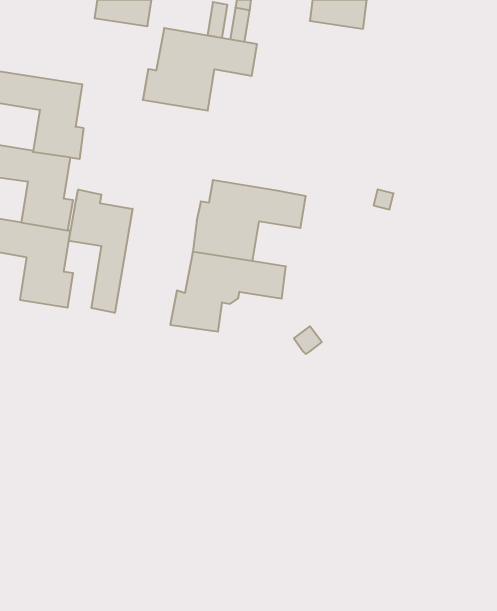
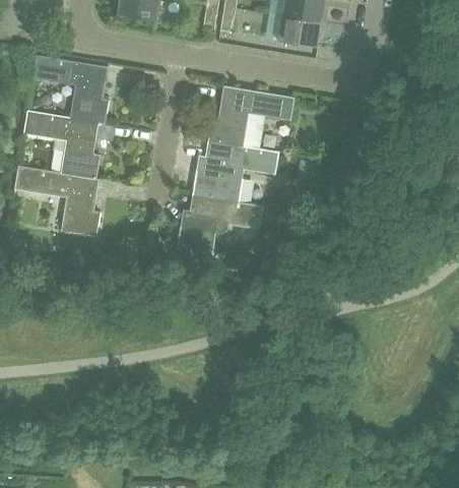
building: none -> [277,17,322,48]
building: [143,28,257,111] -> [207,84,294,147]
building: [69,190,133,313] -> none

